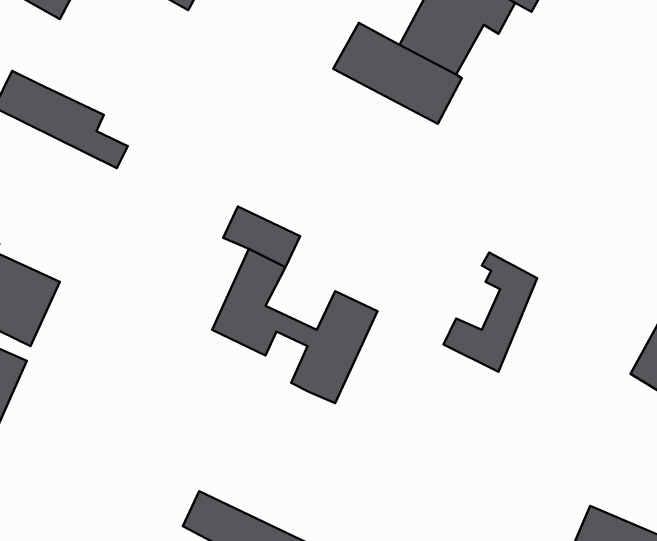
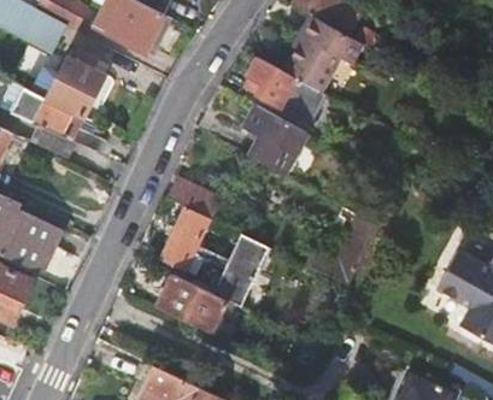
building: none -> [46,48,112,118]
building: none -> [241,106,312,176]
building: none -> [157,275,224,336]

